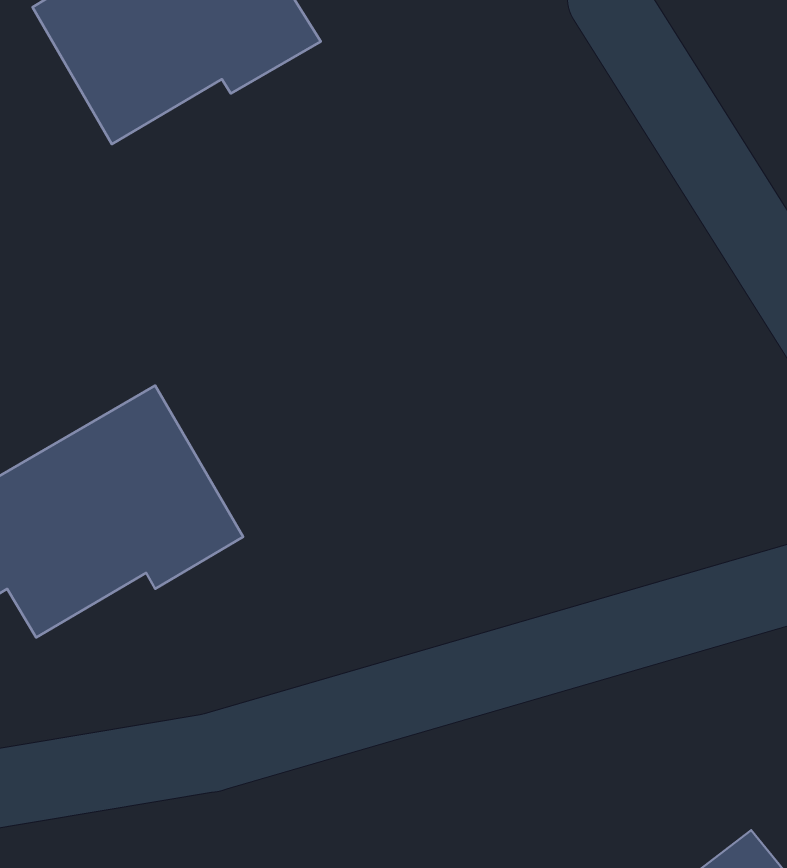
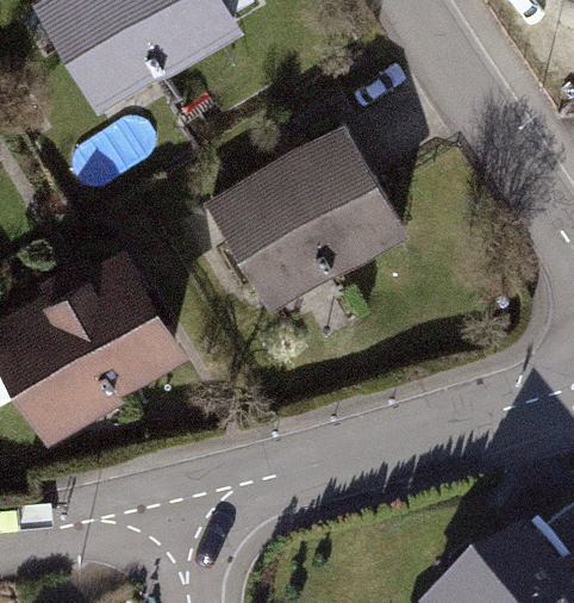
building: none -> [211,129,401,297]

